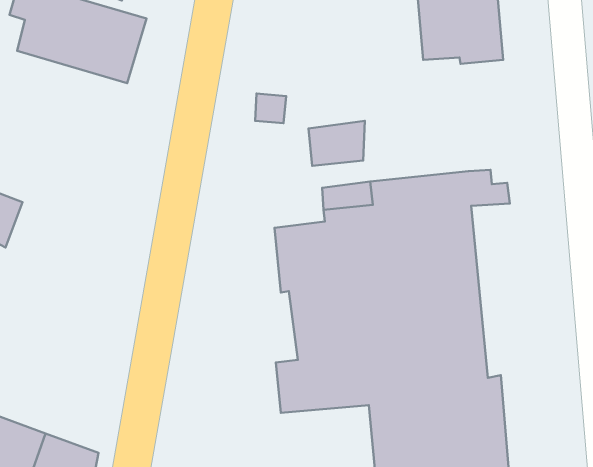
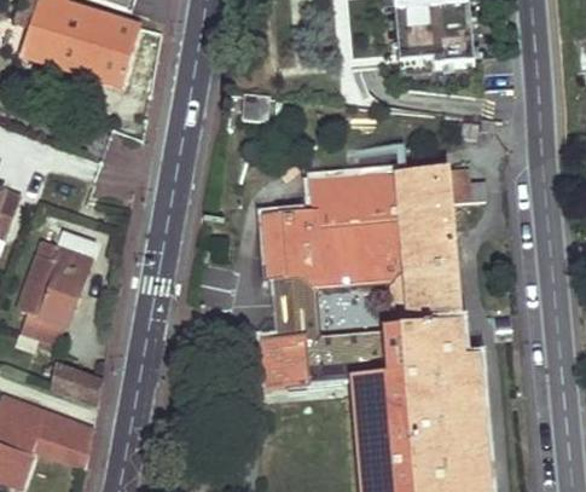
building: [309,121,365,166] -> none
building: none -> [19,230,95,343]
building: none -> [57,364,105,404]

